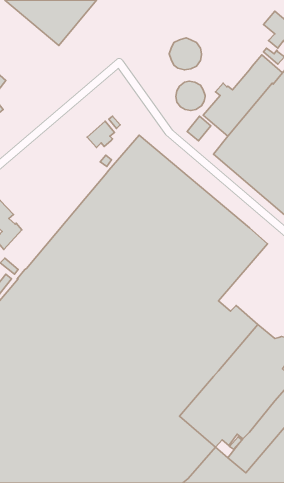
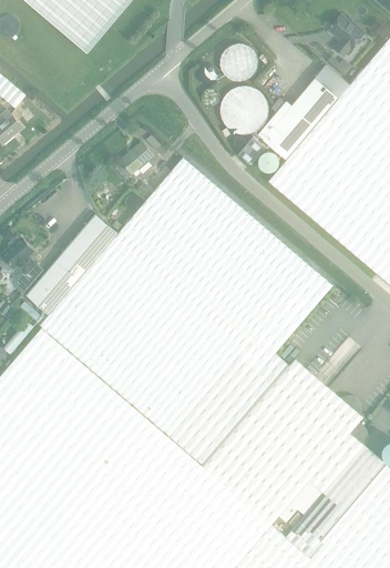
building: none -> [27,214,121,315]

